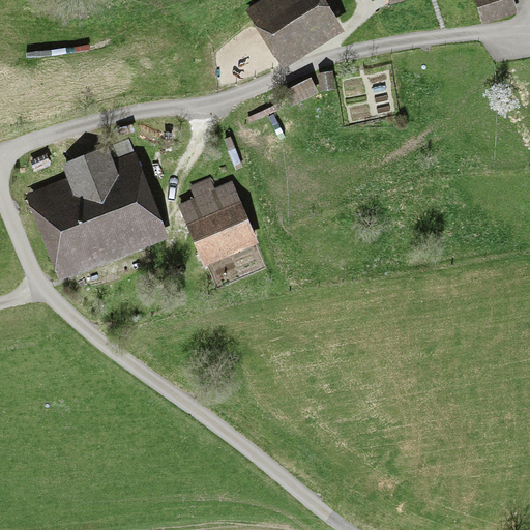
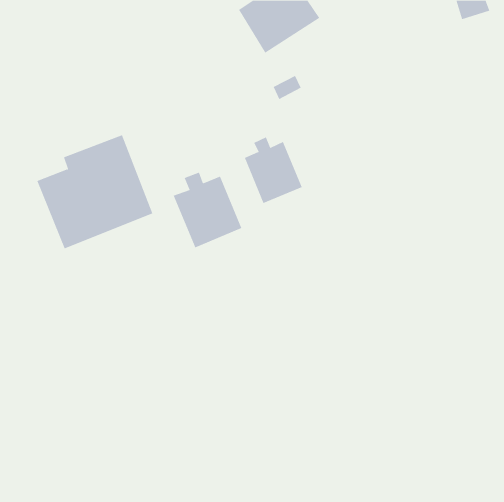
building: none -> [244,137,303,204]

